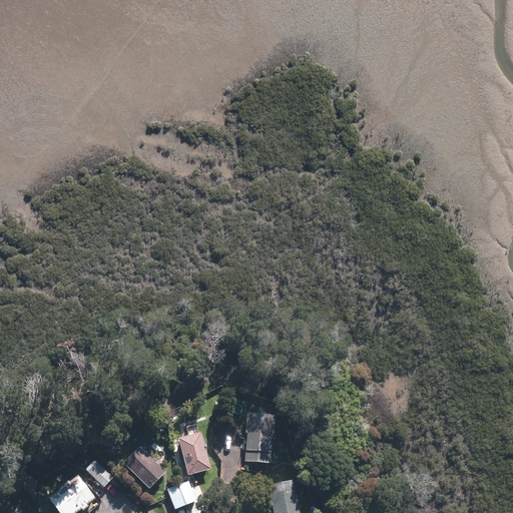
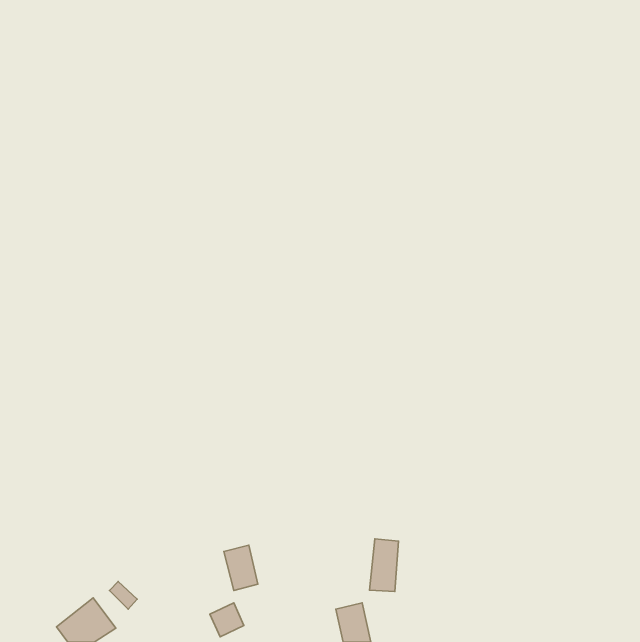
building: [247,417,271,459] -> [370,539,399,592]
building: [124,450,163,488] -> none

